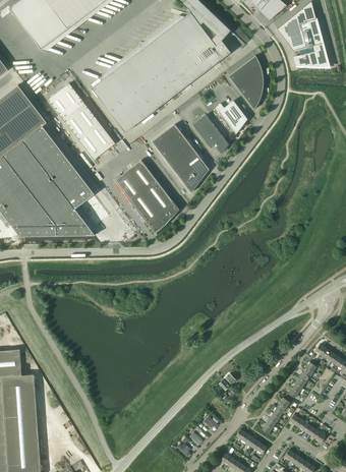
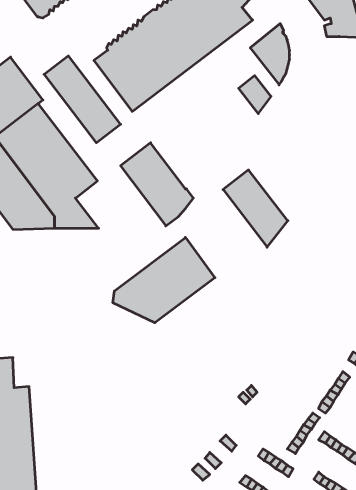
building: [192,115,227,153] -> none
building: [152,124,209,192] -> [223,170,288,247]
building: none -> [113,237,215,323]

